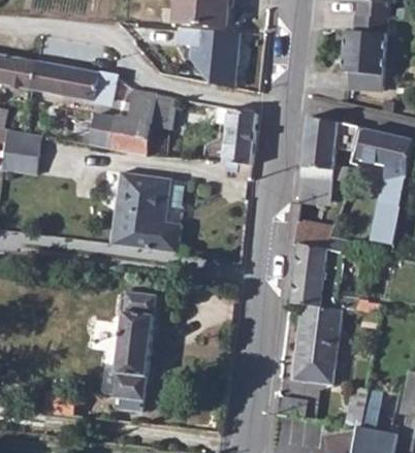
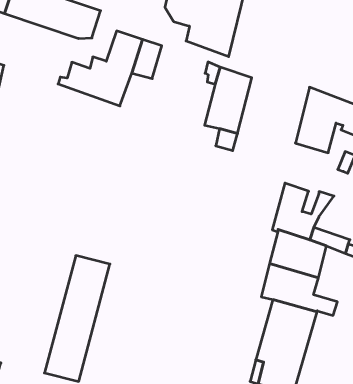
building: [297,165,331,206] -> none
building: [107,172,178,253] -> none

